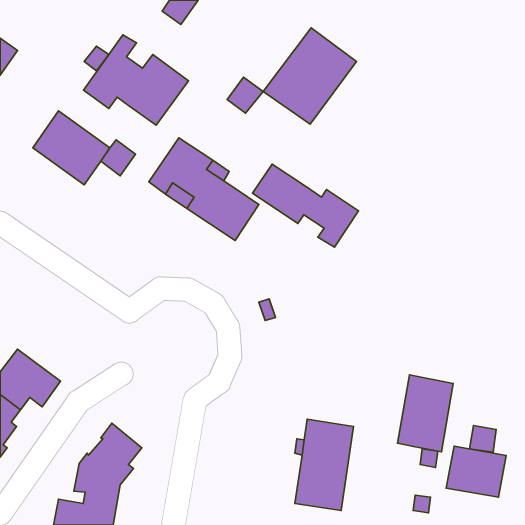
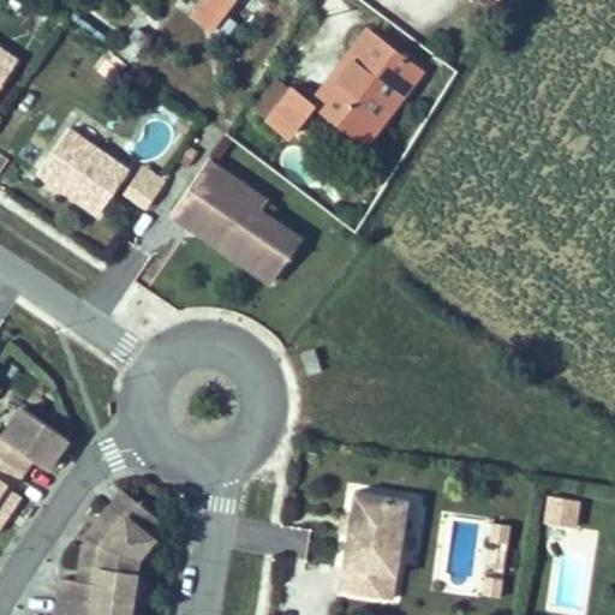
building: [83,35,189,125] -> none
building: [253,164,358,247] -> none
building: [398,375,453,452] -> none
building: [446,446,506,497] -> none

